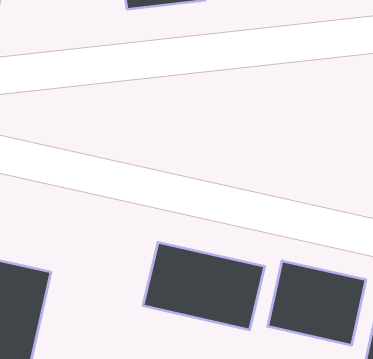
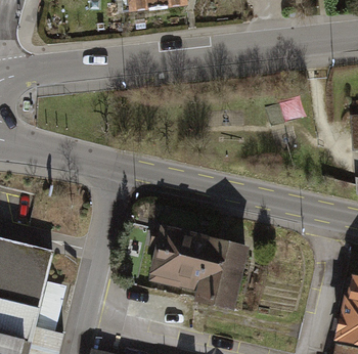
building: [268,261,366,345] -> none

